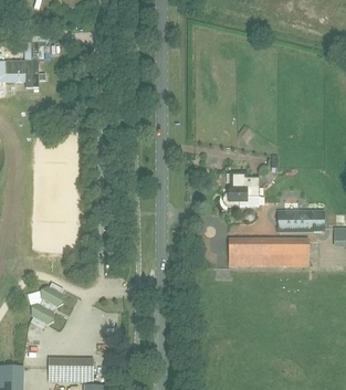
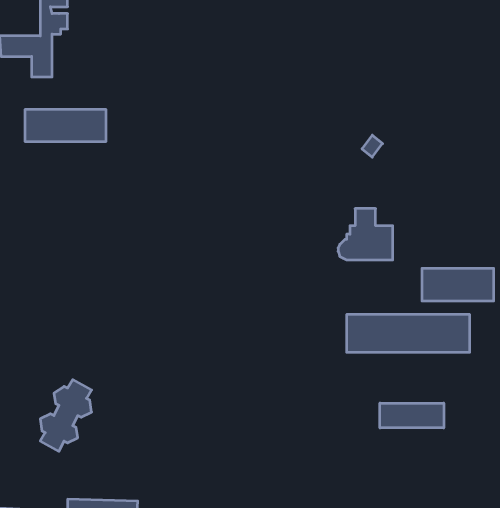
building: none -> [25,109,106,142]
building: none -> [380,403,444,428]

